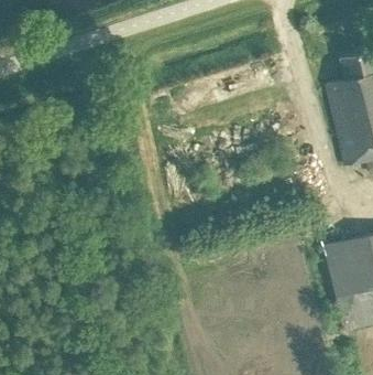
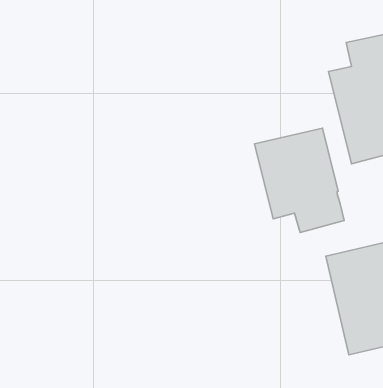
building: none -> [254,128,344,232]

